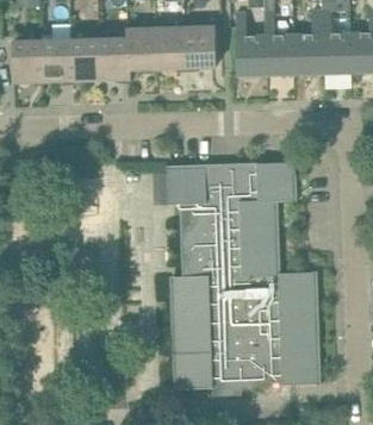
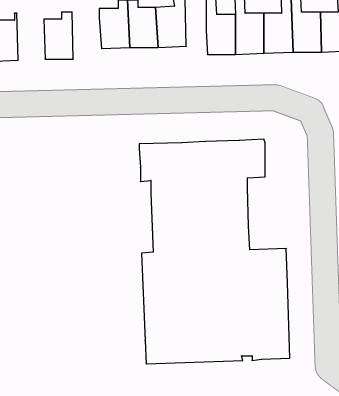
building: [99,31,129,80] -> none
building: [43,33,72,81] -> none

